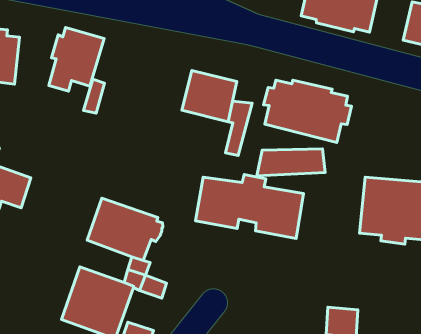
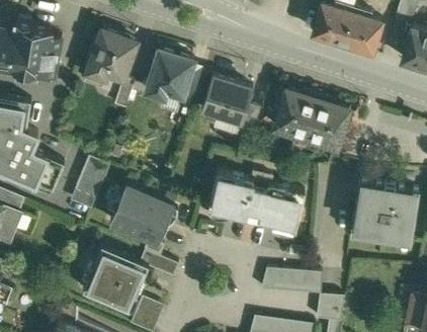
building: none -> [146,51,194,103]
building: [257,149,325,176] -> [262,271,323,295]
building: none -> [75,156,109,198]

